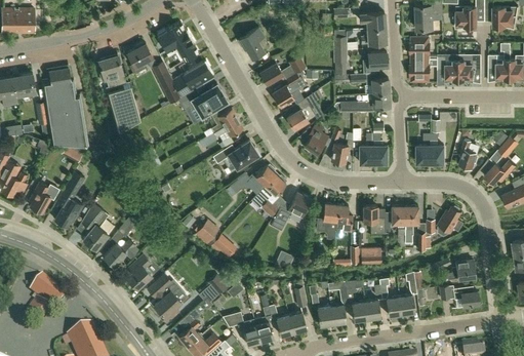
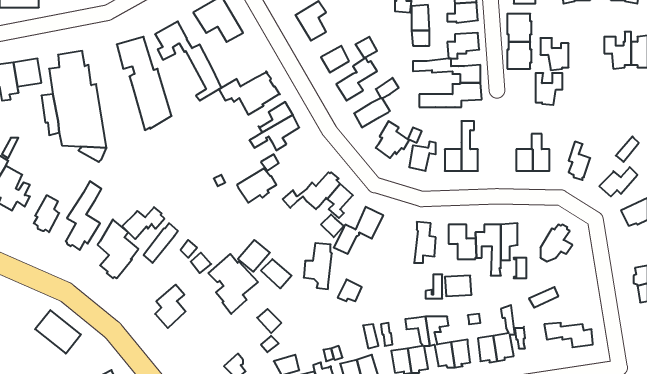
building: [459,56,481,82] -> [536,73,562,105]
building: [173,63,213,96] -> none
building: [228,141,259,168] -> [237,168,276,203]
building: [316,203,338,240] -> [304,243,332,289]
building: [104,240,137,266] -> [122,207,164,239]
building: [447,259,476,279] -> none
building: [148,274,188,322] -> [208,254,258,314]

